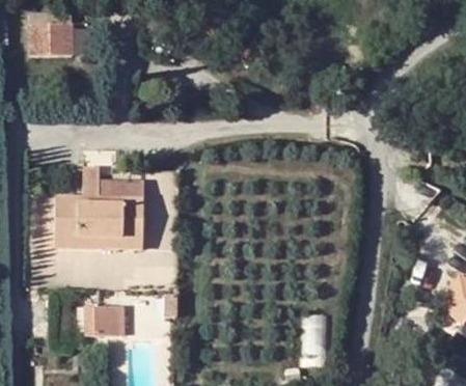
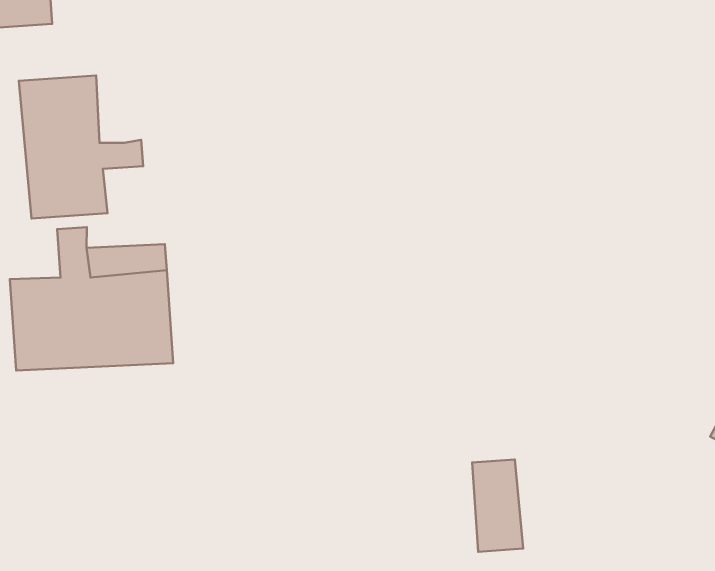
building: none -> [19,75,143,218]
building: [86,304,127,334] -> none

